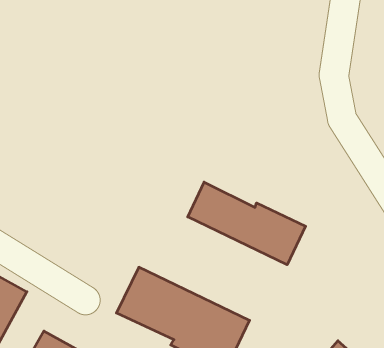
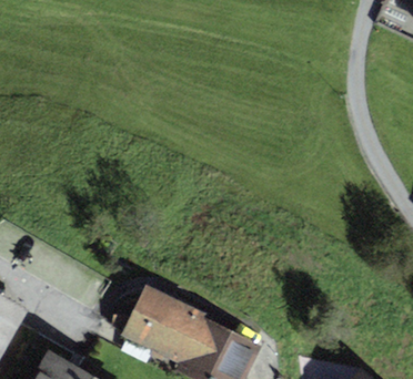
building: [188,182,306,265] -> none

